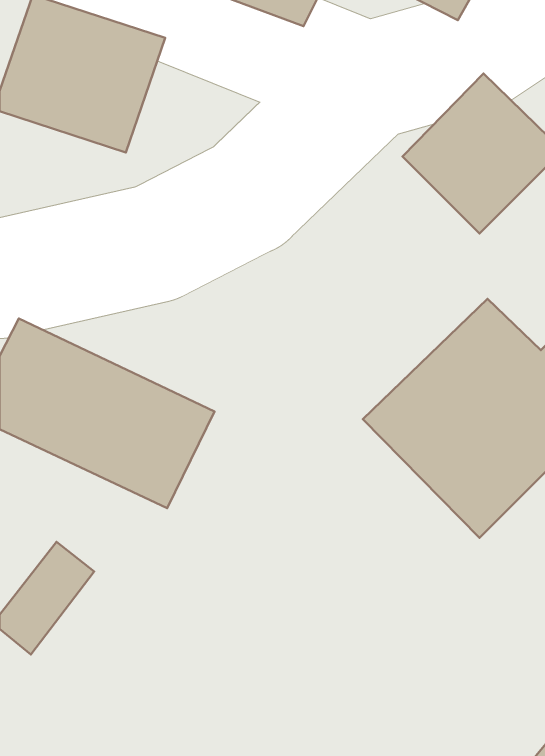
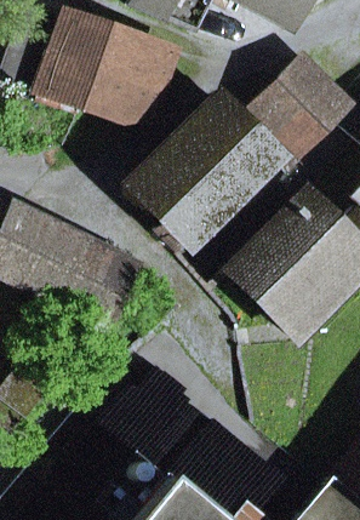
building: none -> [90,35,182,120]
building: none -> [144,99,282,235]

